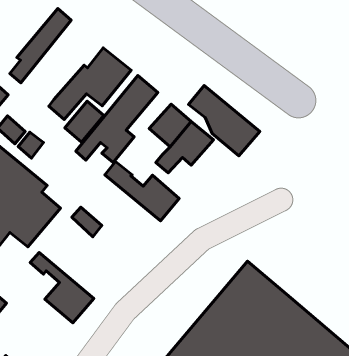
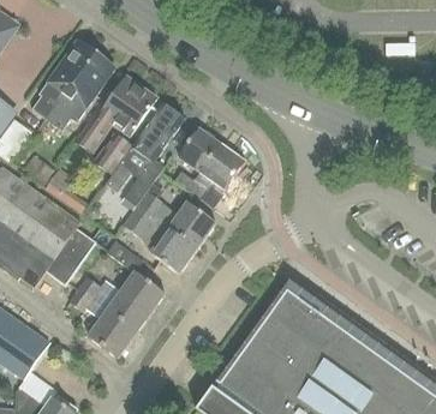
building: none -> [44,52,113,130]
building: [188,85,260,156] -> [123,205,197,274]
building: none -> [77,271,163,331]

